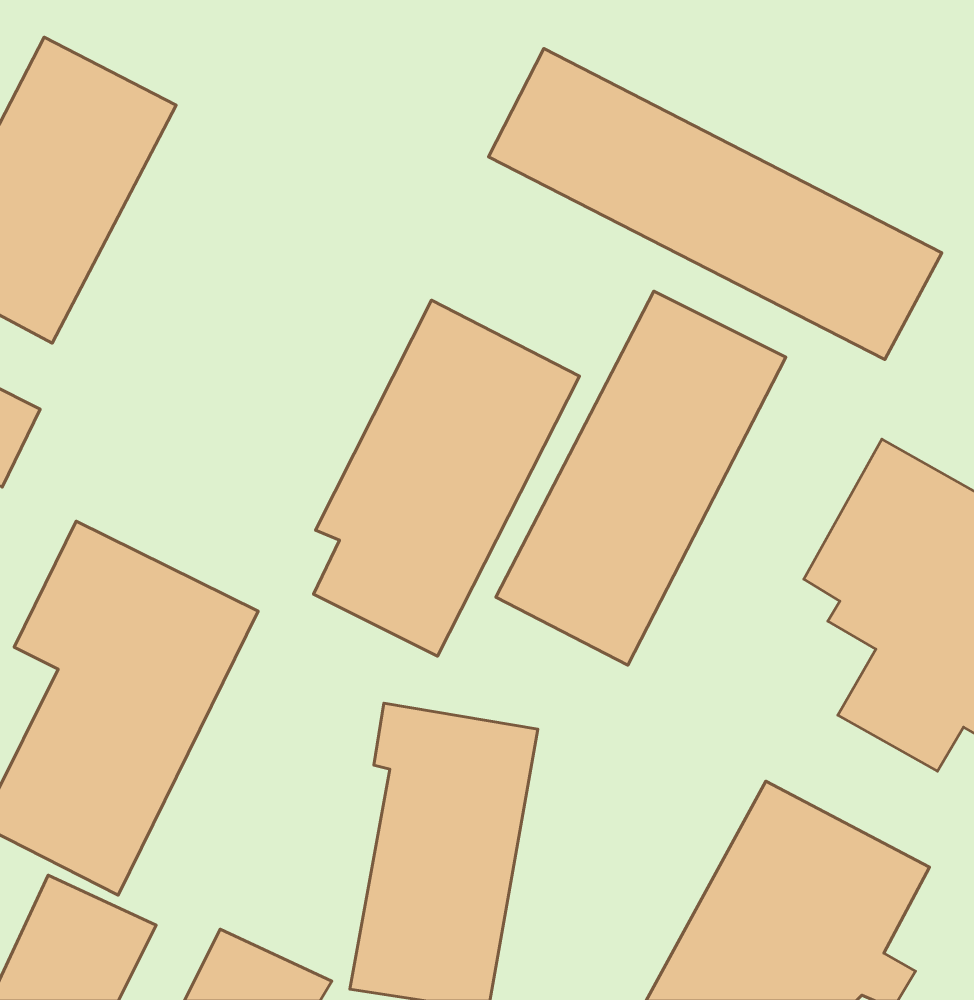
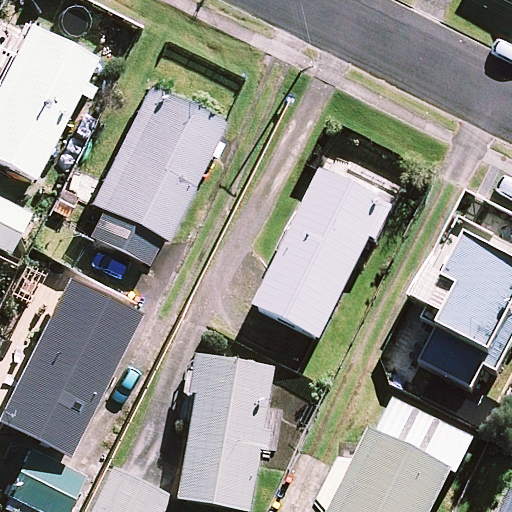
building: [489,48,942,360] -> none
building: [314,300,579,656] -> [91,88,224,266]

